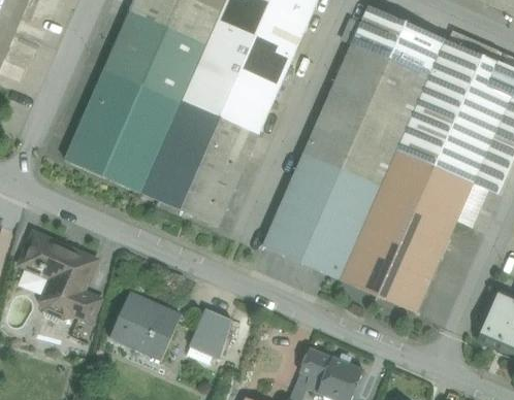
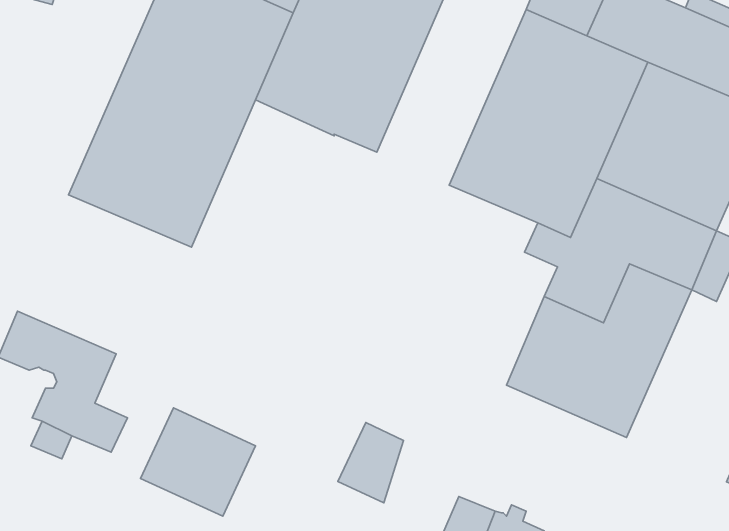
building: [141,99,258,225] -> none
building: [262,153,372,278] -> none
building: [190,308,231,359] -> [338,422,403,503]

